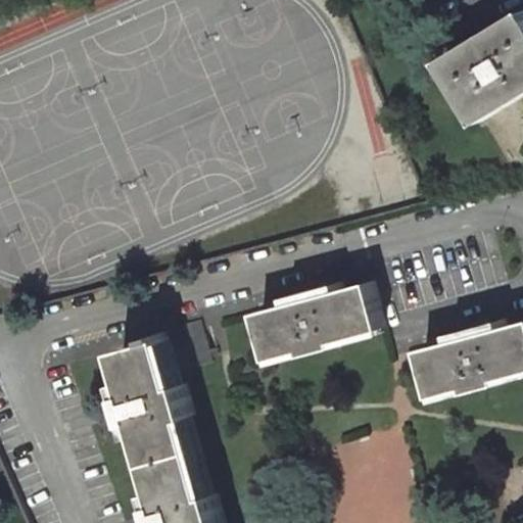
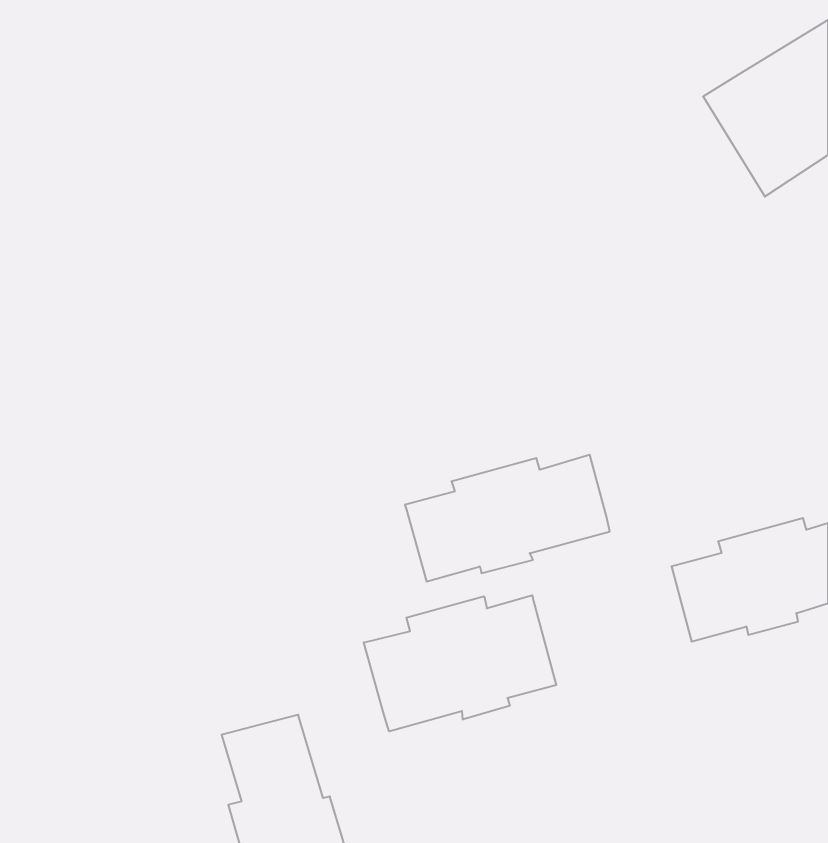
building: [107,339,183,456] -> none
building: none -> [364,595,556,731]

